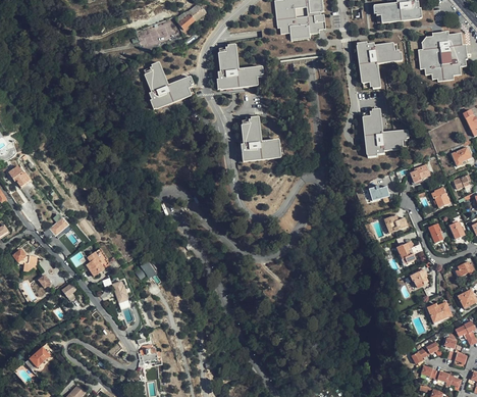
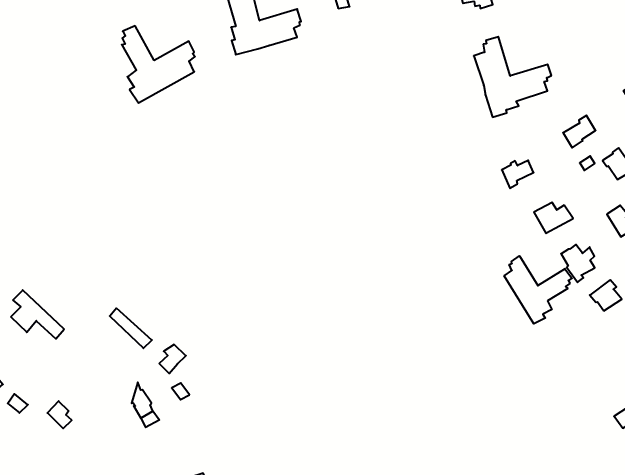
building: [236,116,283,161] -> none
building: none -> [504,256,572,324]
building: [85,248,107,277] -> none

